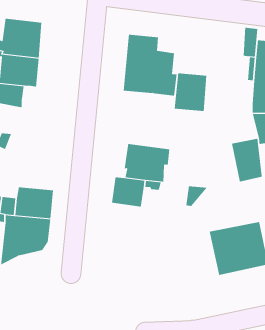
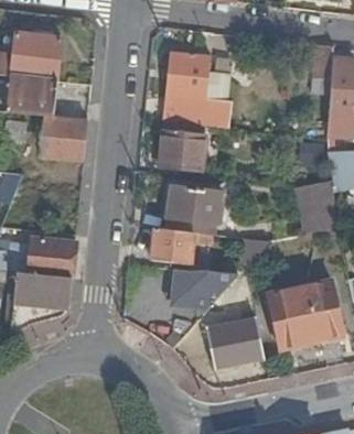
building: [174,73,207,111] -> [159,121,200,169]
building: none -> [45,116,90,163]
building: none -> [168,269,237,308]
building: none -> [208,321,264,367]

